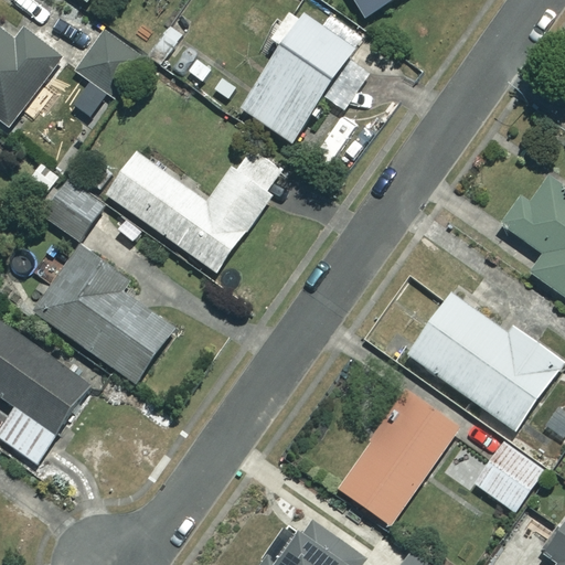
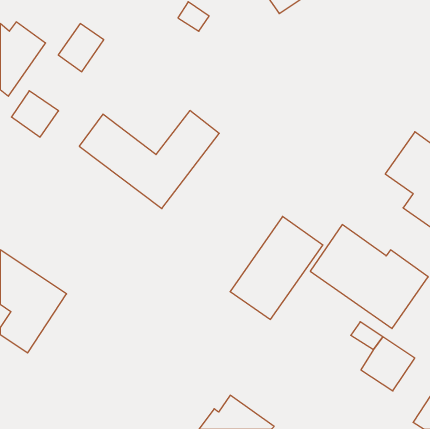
building: [239,11,369,143] -> none
building: [40,179,102,239] -> [11,91,59,137]
building: [34,246,167,381] -> none
building: [337,390,458,524] -> [230,216,323,319]

